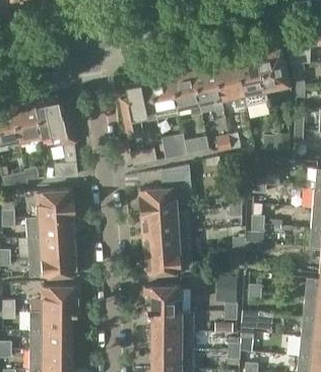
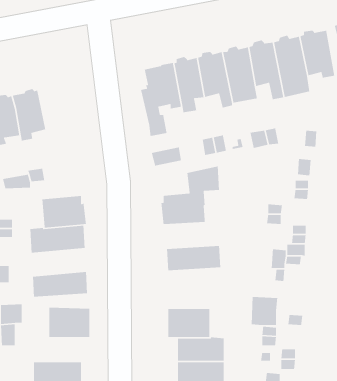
building: [34,98,76,179] -> none
building: [141,212,189,237] -> none
building: [27,237,75,260] -> none
building: [144,253,192,275] -> none
building: [29,312,71,333] -> none

